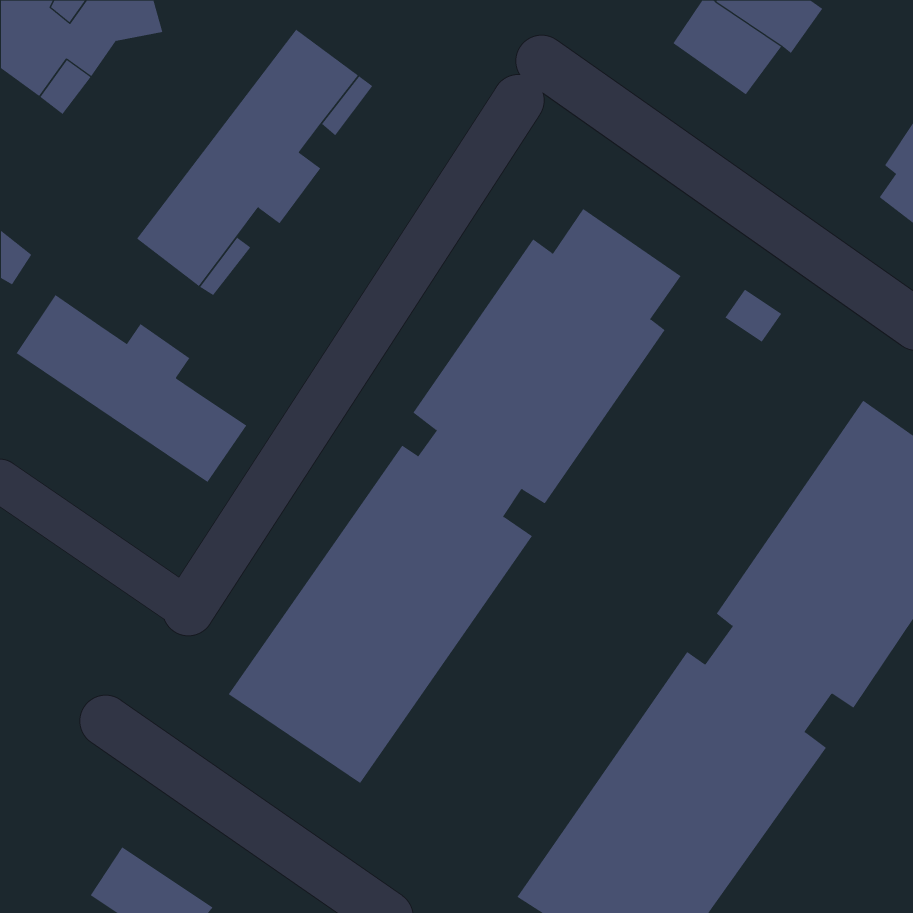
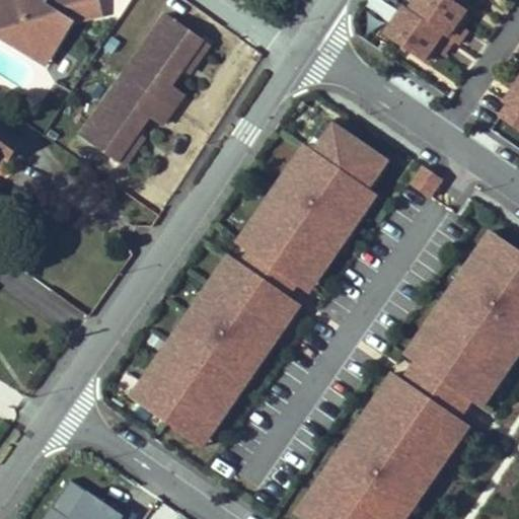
building: [16,294,247,483] -> none

